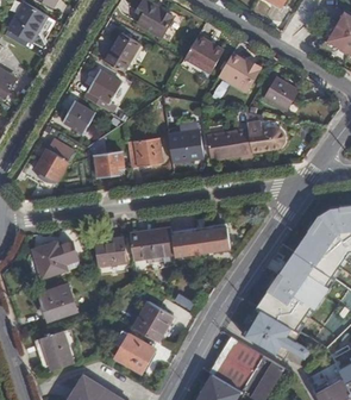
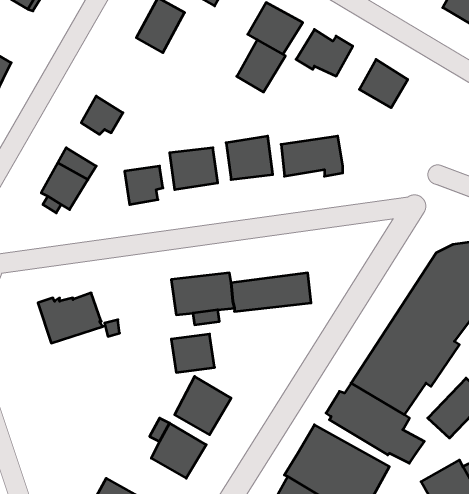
building: none -> [237,40,285,92]
building: [84,69,123,110] -> none
building: [247,121,283,151] -> none
building: [95,237,126,264] -> [171,334,215,372]
building: [40,288,75,320] -> none
building: [37,329,86,373] -> none

